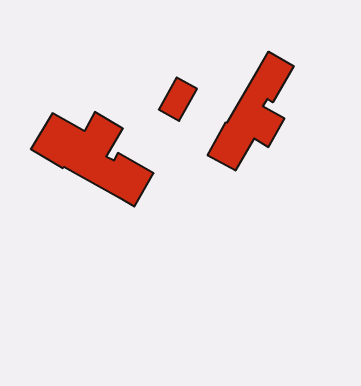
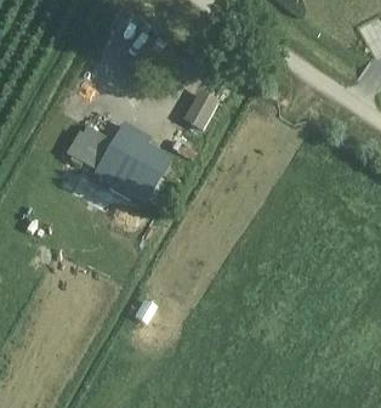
building: [208,52,294,171] -> none

